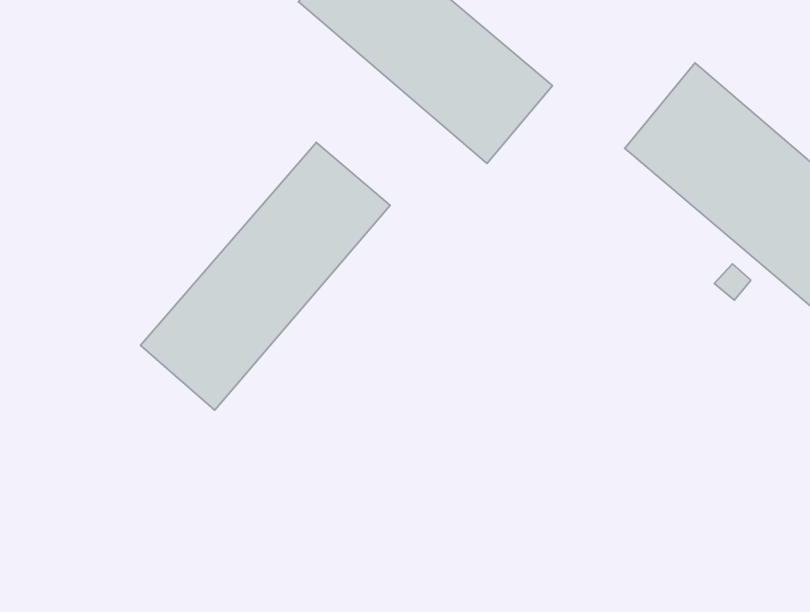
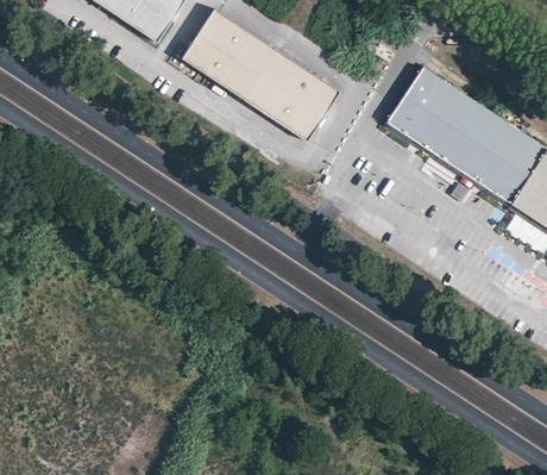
building: [141,142,390,410] -> none

